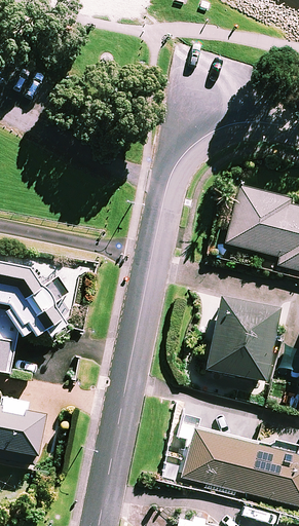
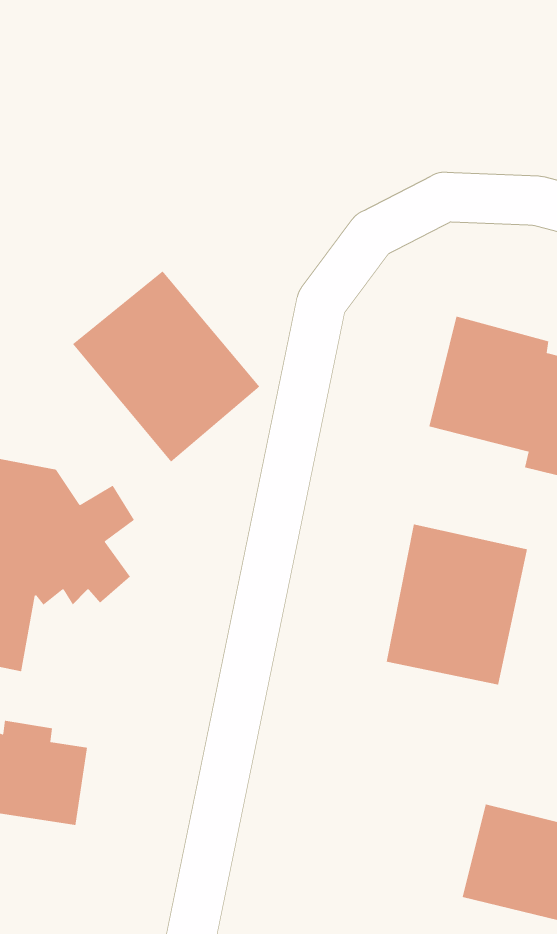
building: none -> [72,271,260,463]
building: [182,428,257,493] -> none

